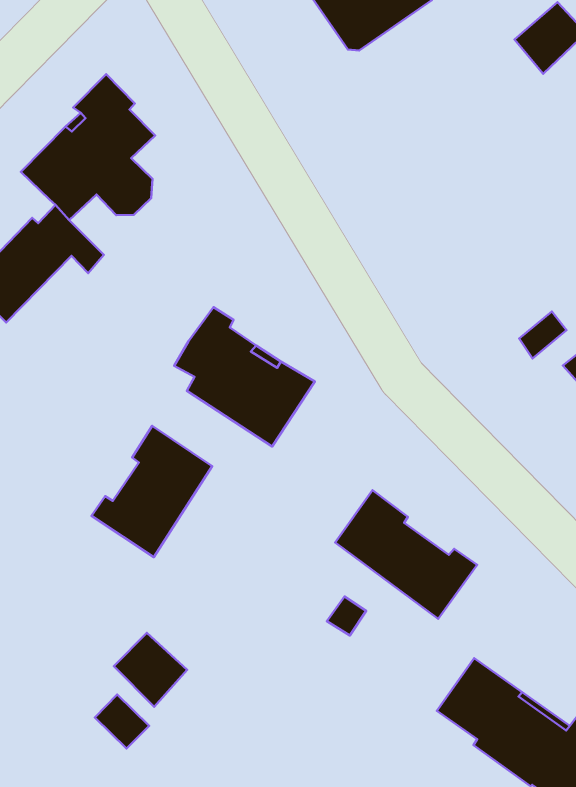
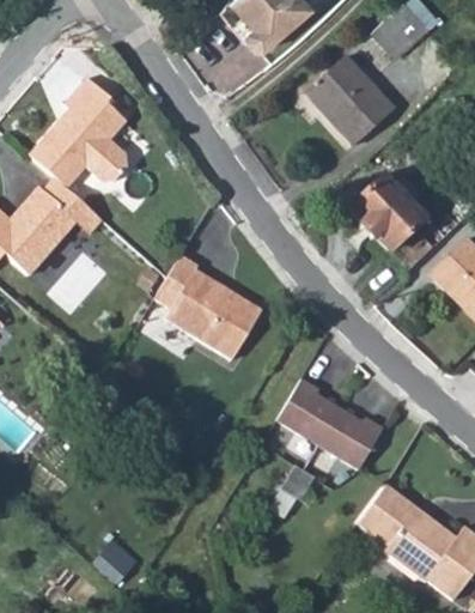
building: none -> [307,59,394,141]
building: none -> [355,172,432,249]
building: [91,426,212,557] -> none
building: [114,633,187,707] -> none

